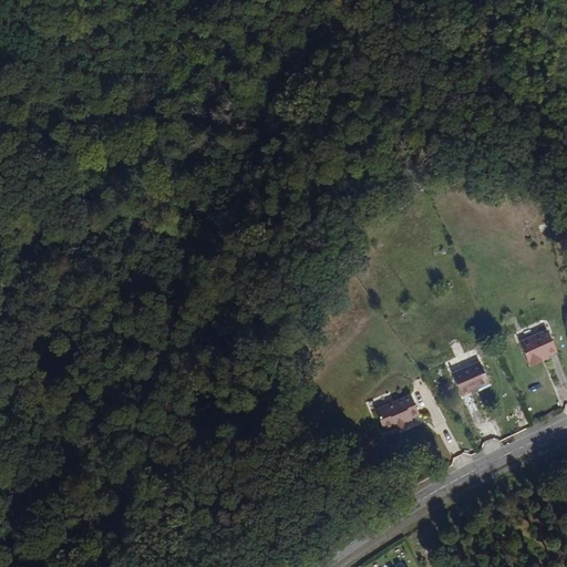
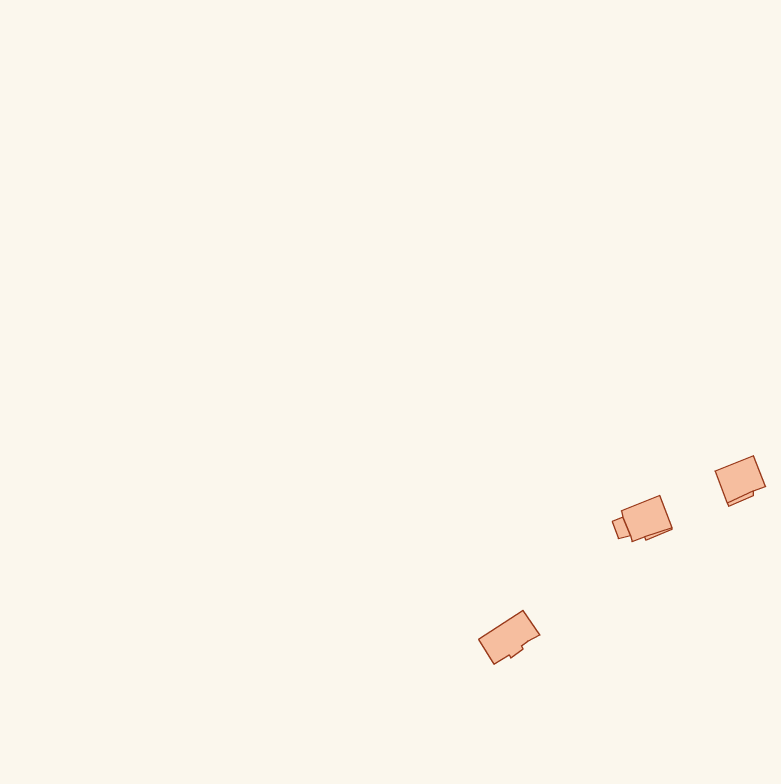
building: [382,395,426,434] -> [479,610,540,664]

